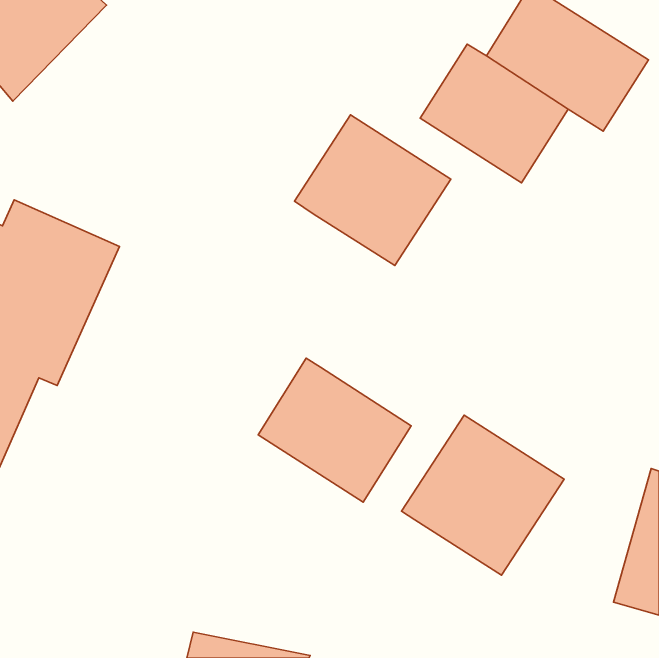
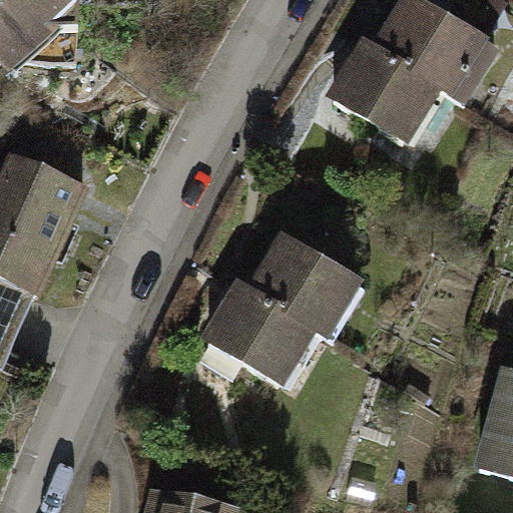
building: [295,115,451,265] -> none
building: none -> [247,227,366,337]
building: [402,415,564,575] -> none

